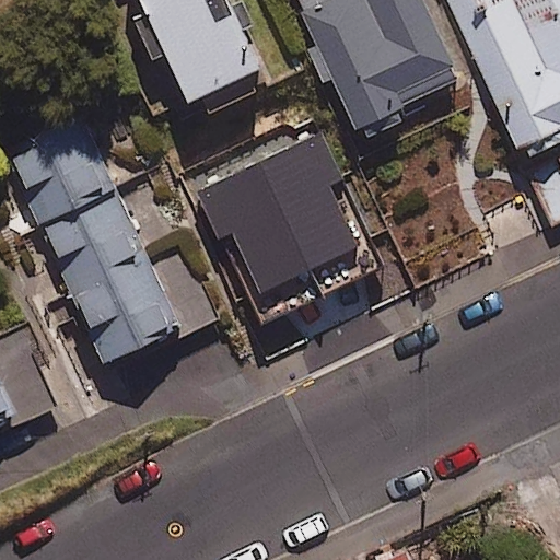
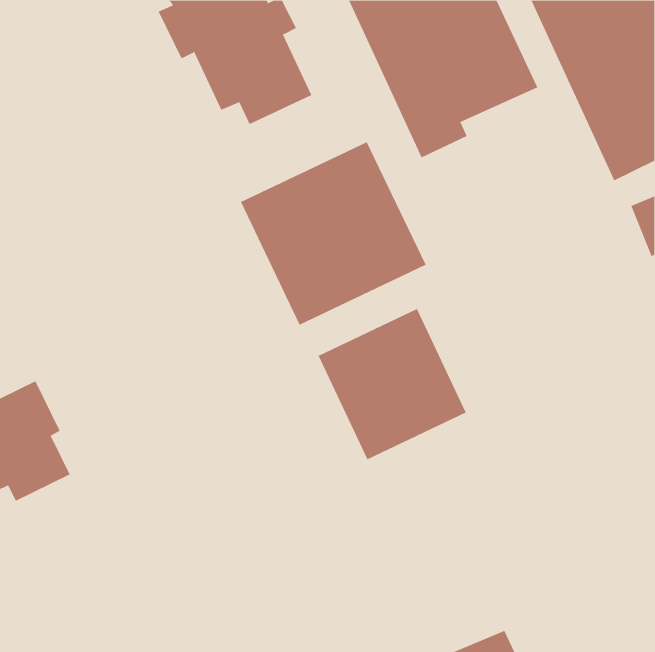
building: [8,117,215,362] -> none
building: none -> [318,308,466,460]

